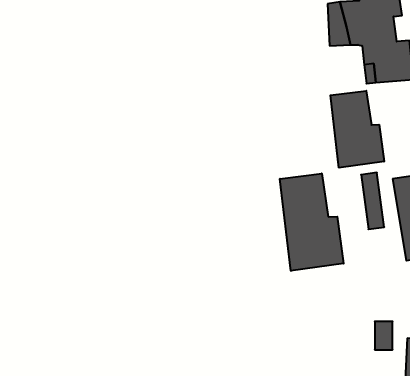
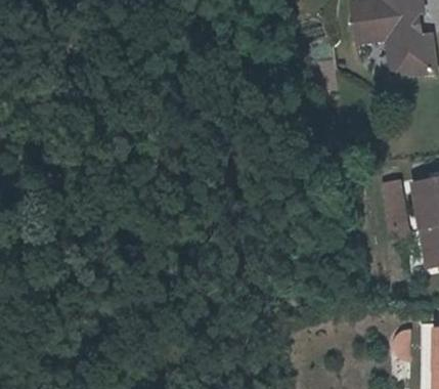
building: [330,91,384,168] -> none
building: [280,173,344,271] -> none

